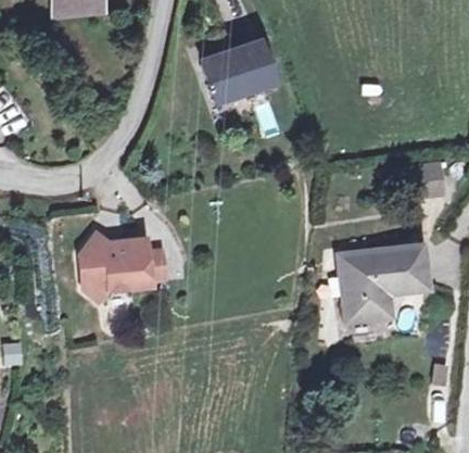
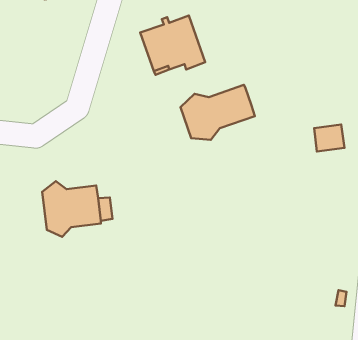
building: none -> [180,85,255,140]
building: [341,247,428,322] -> none

